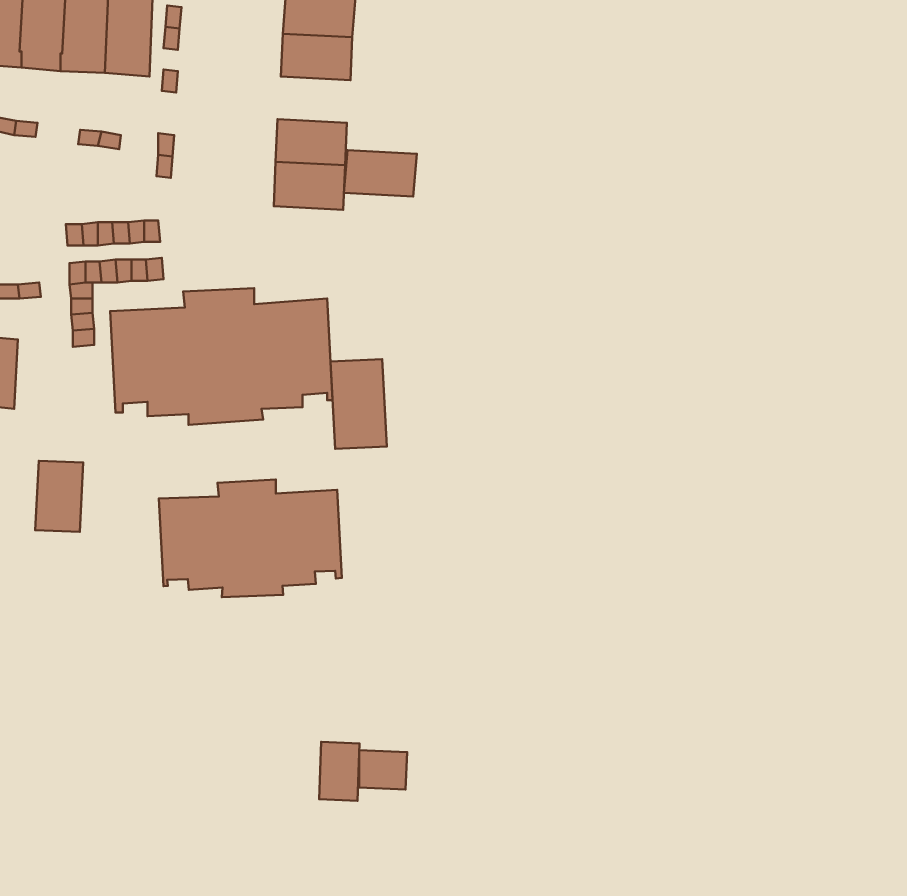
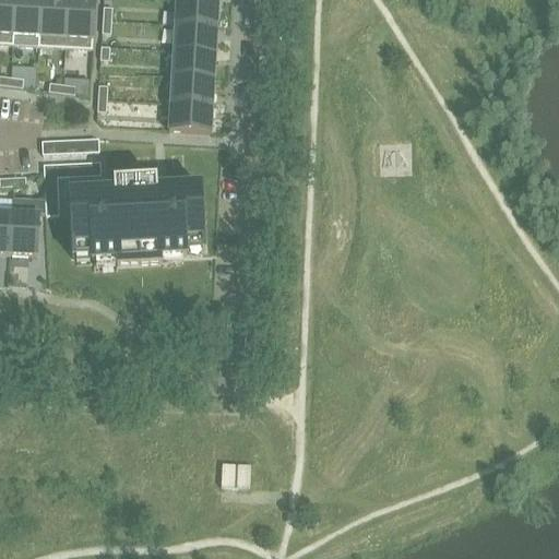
building: [344,150,417,196] -> [170,47,215,75]
building: [331,359,387,449] -> none
building: [35,461,83,532] -> [9,209,38,252]
building: [159,480,342,597] -> none
building: [319,742,359,801] -> none

